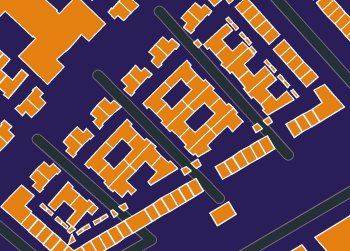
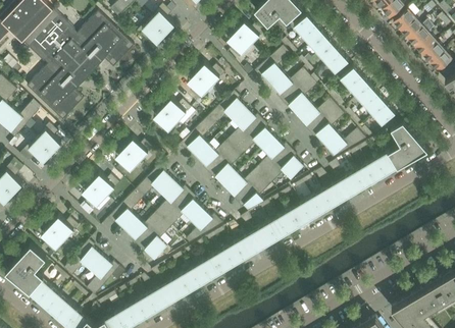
building: none -> [333,172,365,202]
building: [210,202,236,226] -> [245,224,277,254]

